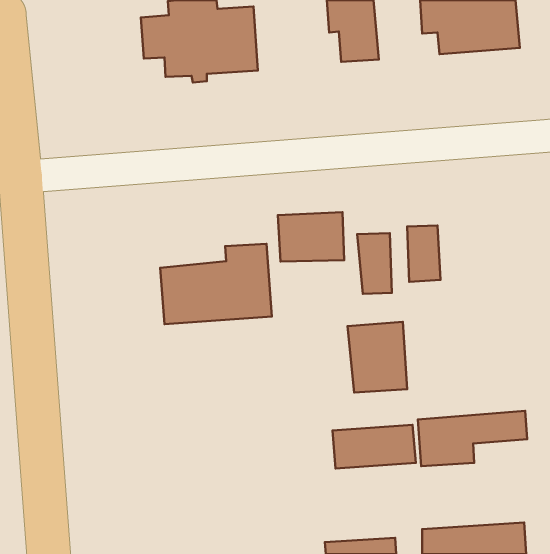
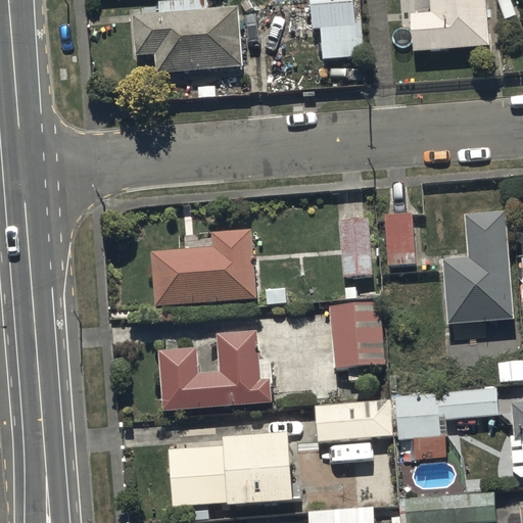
building: [278,212,344,261] -> none
building: none -> [445,211,512,323]
building: none -> [159,333,270,410]
building: none -> [171,432,294,505]

